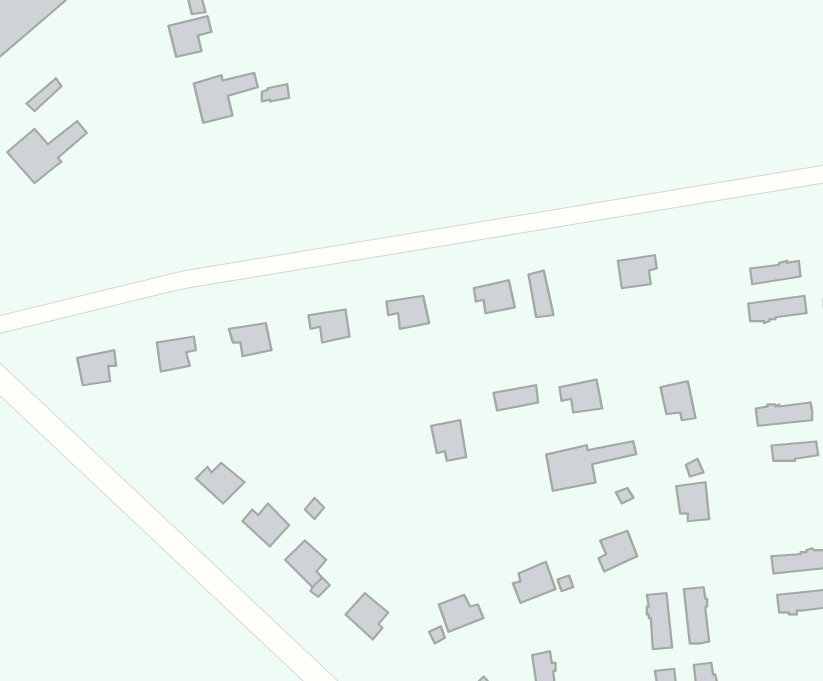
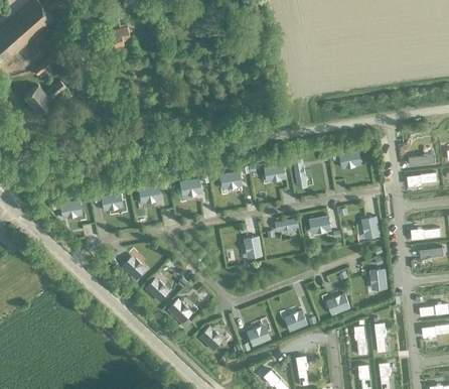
building: [194,73,258,123] -> none
building: [546,441,636,491] -> none

